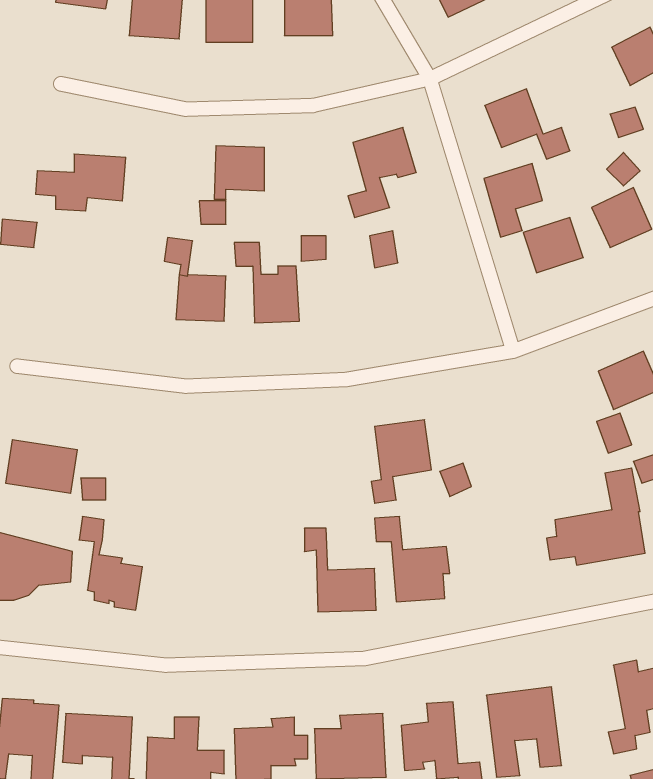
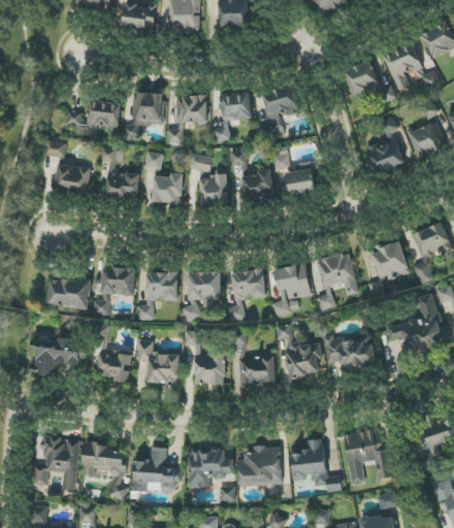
building: none -> [214,91,252,142]
building: none -> [123,93,163,136]
building: [484,164,542,237] -> [385,44,421,90]
building: none -> [99,147,139,199]
building: none -> [286,162,315,195]
building: none -> [56,165,90,192]
building: none -> [241,168,273,200]
building: none -> [371,241,408,279]
building: none -> [316,253,358,296]
building: none -> [101,267,134,295]
building: none -> [227,268,265,322]
building: none -> [184,271,221,320]
building: none -> [137,272,177,320]
building: none -> [184,331,225,385]
building: none -> [322,333,375,368]
building: none -> [137,340,179,384]

